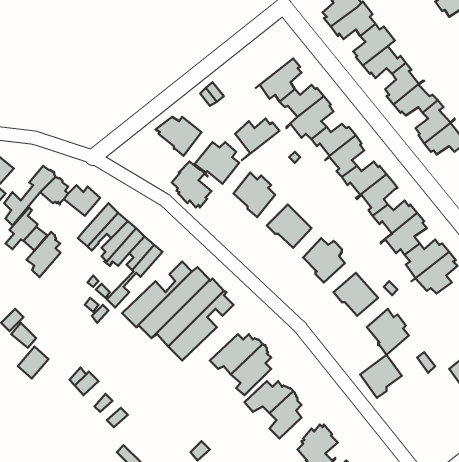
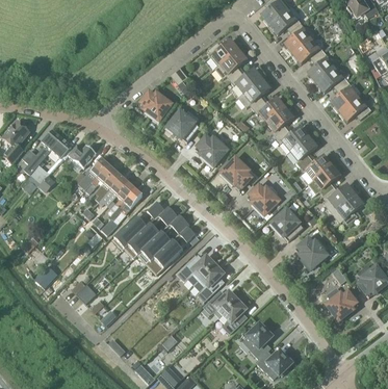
building: [235,118,280,160] -> [207,40,240,71]
building: [172,161,212,208] -> none
building: [27,232,61,277] -> none
building: [360,355,402,398] -> [327,289,358,321]

